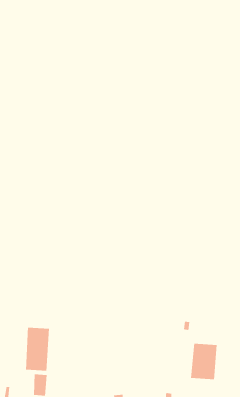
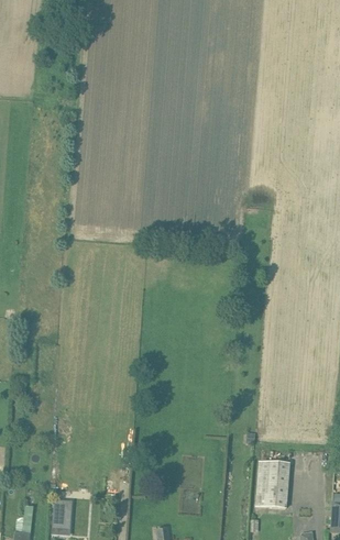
building: [26,327,49,371] -> none

